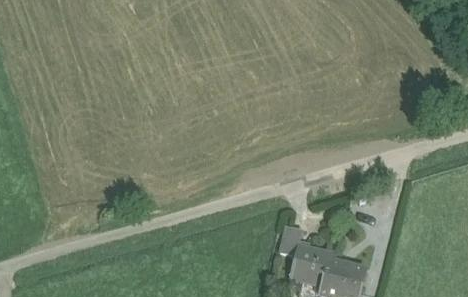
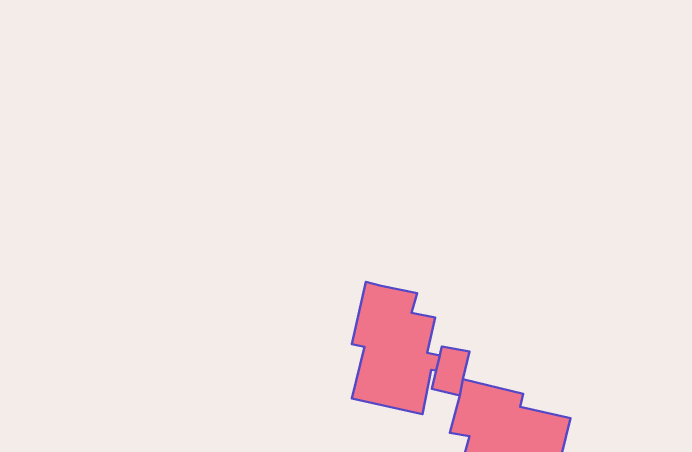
building: none -> [352,282,440,414]

